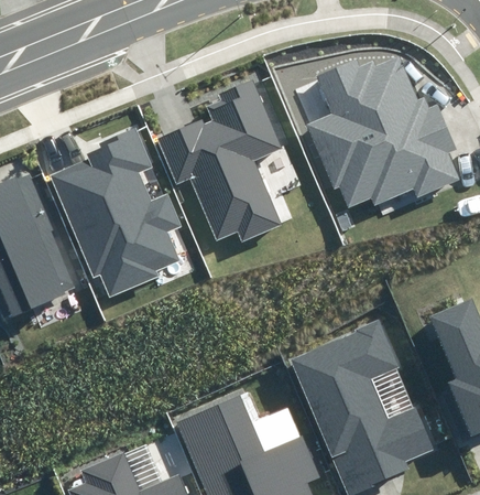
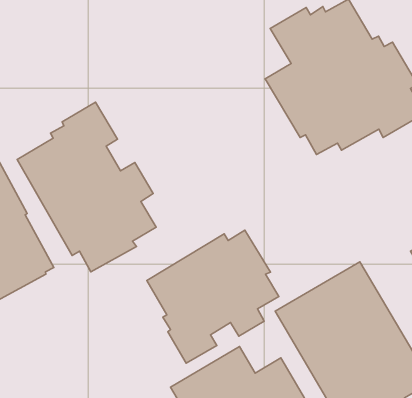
building: [157,79,282,240] -> none
building: none -> [147,230,279,363]

